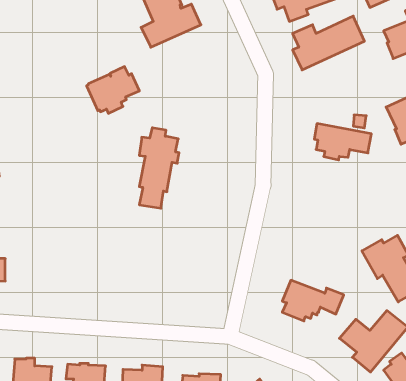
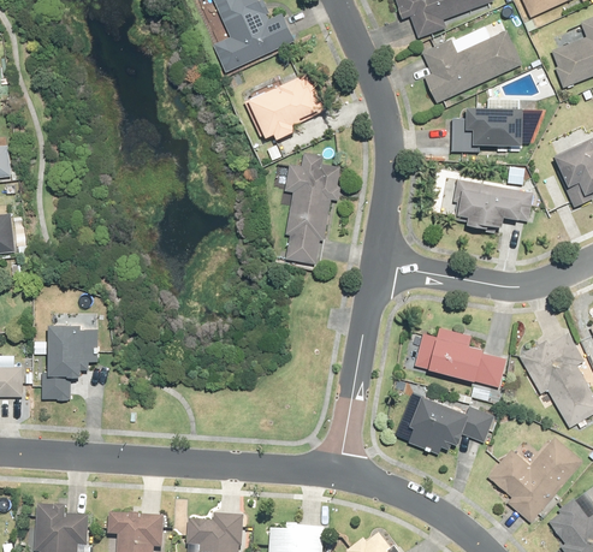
building: [87,67,139,113] -> [245,75,319,140]
building: none -> [451,105,524,152]
building: [139,128,179,208] -> [286,152,342,263]
building: none -> [42,324,97,399]
building: none -> [415,327,506,387]

